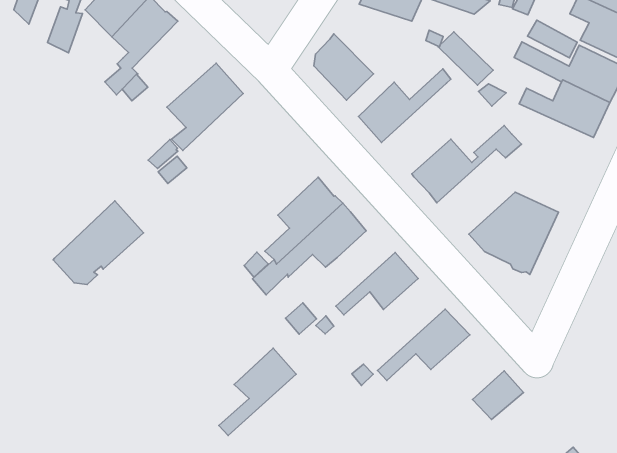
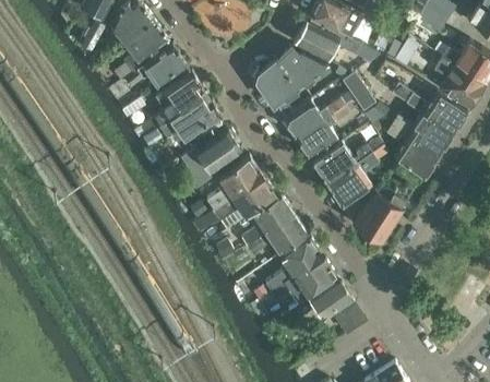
building: none -> [273,48,328,93]
building: none -> [143,46,188,87]
building: none -> [295,106,349,159]
building: none -> [385,127,438,177]
building: none -> [191,127,241,186]
building: none -> [326,155,378,206]
building: [53,201,143,284] -> [159,94,223,147]
building: none -> [243,198,294,246]
building: none -> [289,278,352,322]
building: [219,348,296,436] -> [265,238,322,293]

